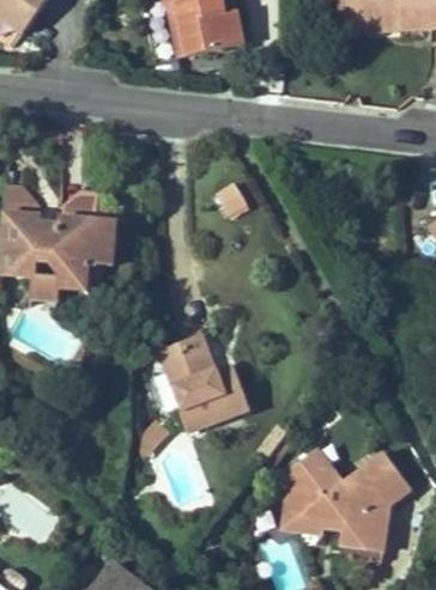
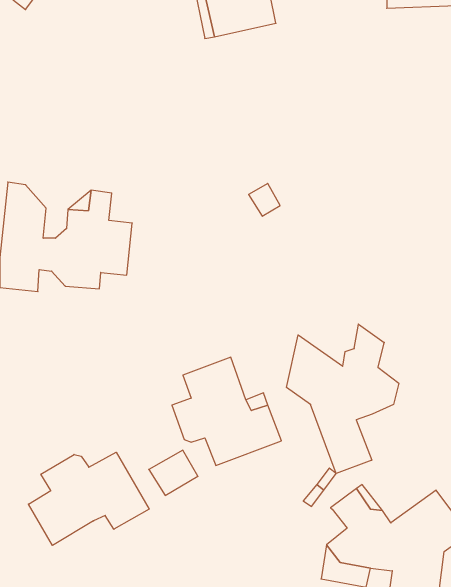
building: [31,258,87,300] -> none
building: none -> [286,324,399,474]
building: none -> [28,452,149,545]

